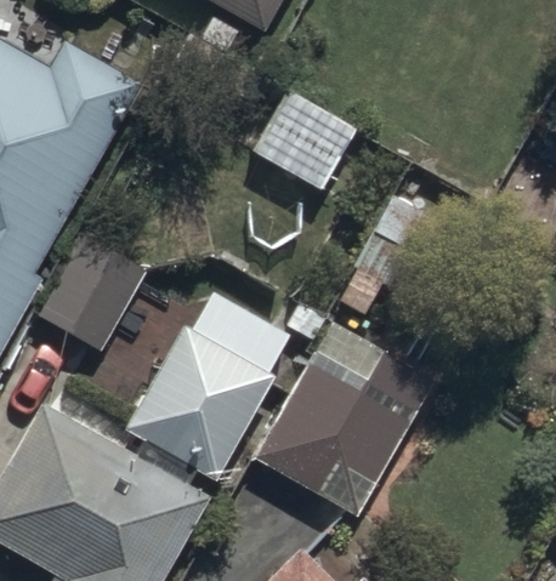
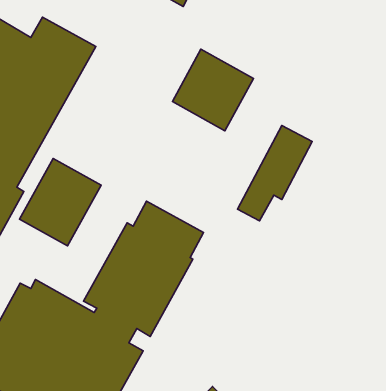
building: [254,324,435,517] -> none

